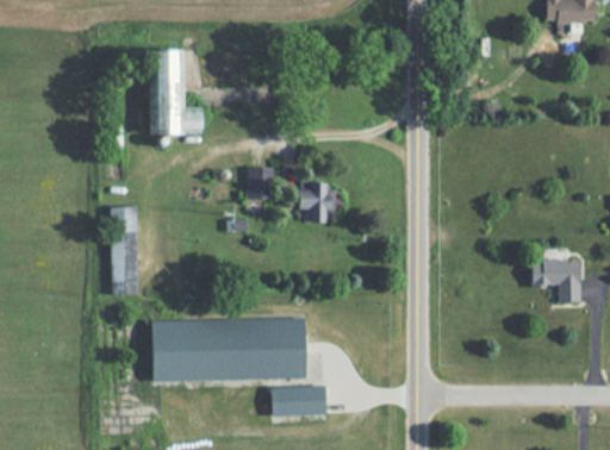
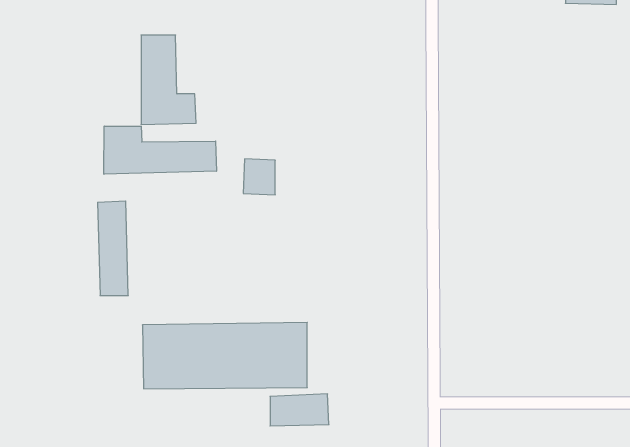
building: none -> [104,126,216,174]
building: [299,182,336,223] -> none
building: [533,260,581,302] -> none

